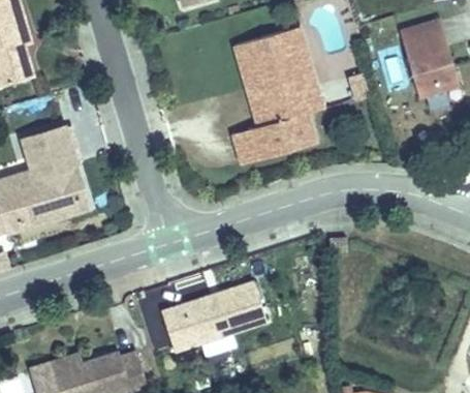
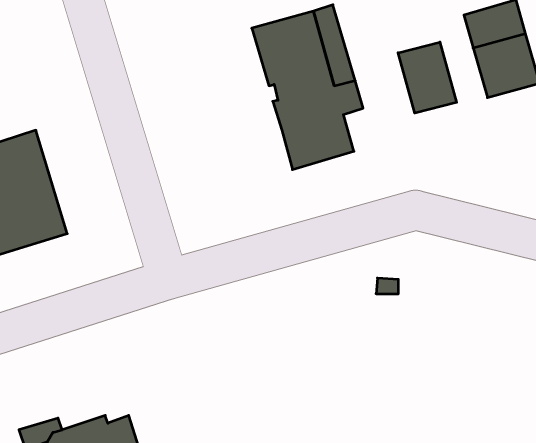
building: none -> [398,42,457,113]
building: [230,125,264,163] -> none
building: [163,282,267,350] -> none

